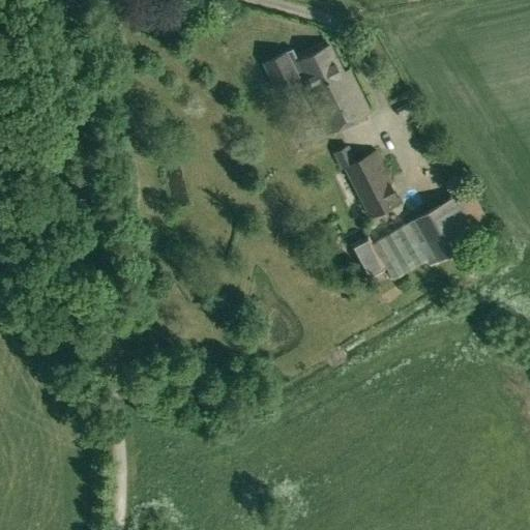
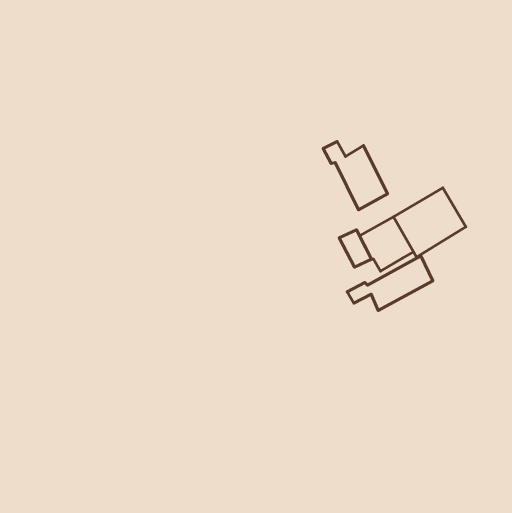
building: [263,45,371,132] -> none
building: none -> [347,256,433,310]

